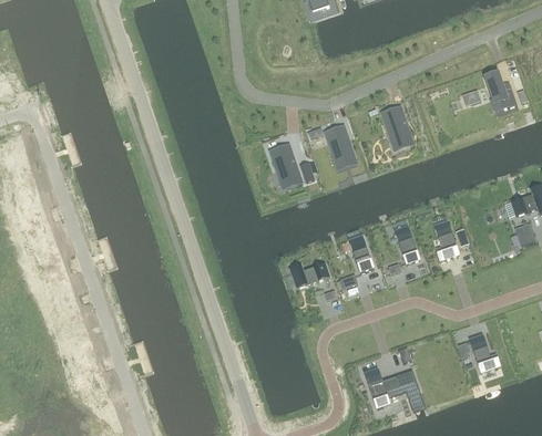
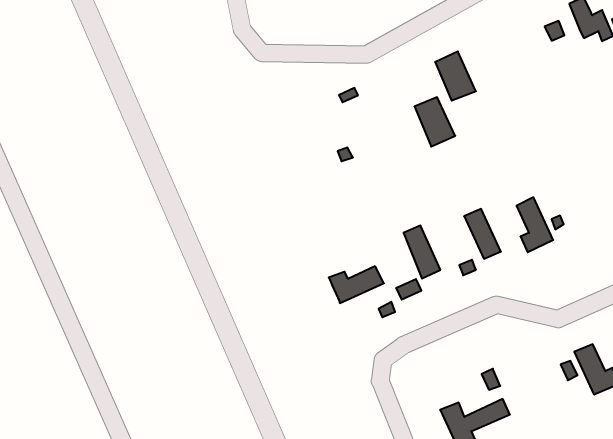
building: [325,126,354,163] -> [414,97,455,147]
building: [269,145,298,181] -> none

